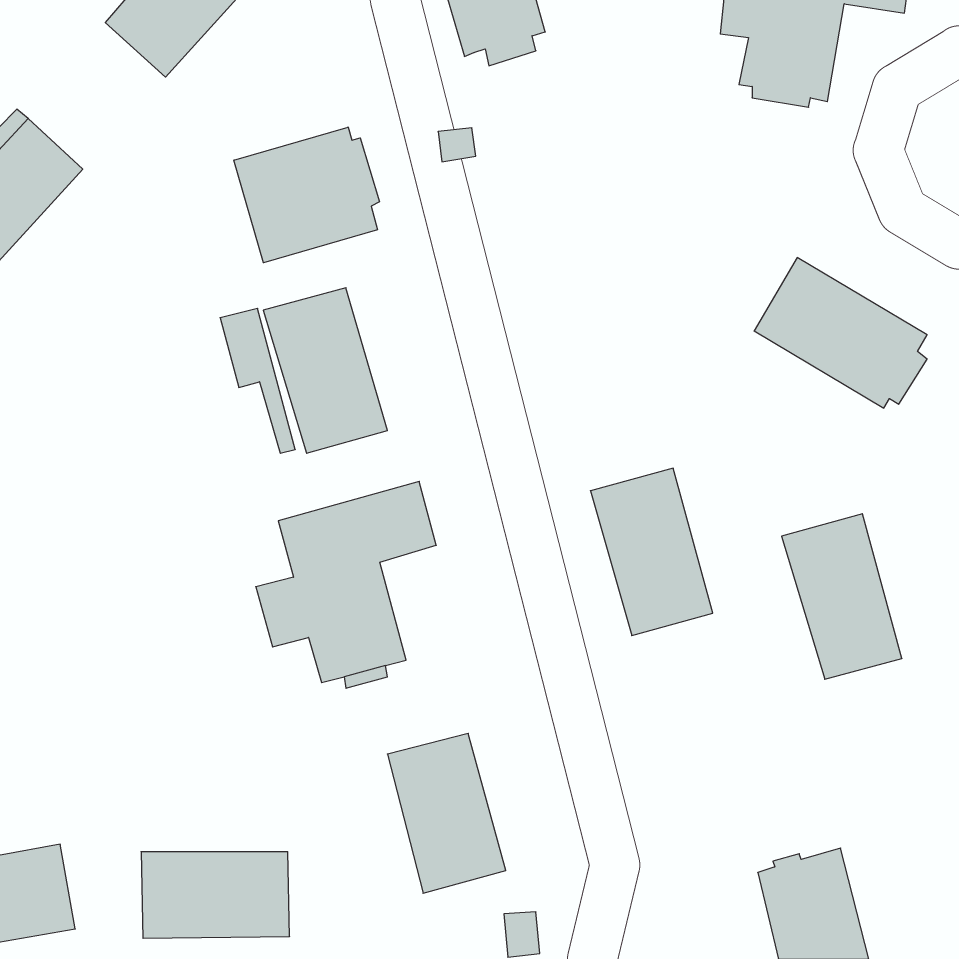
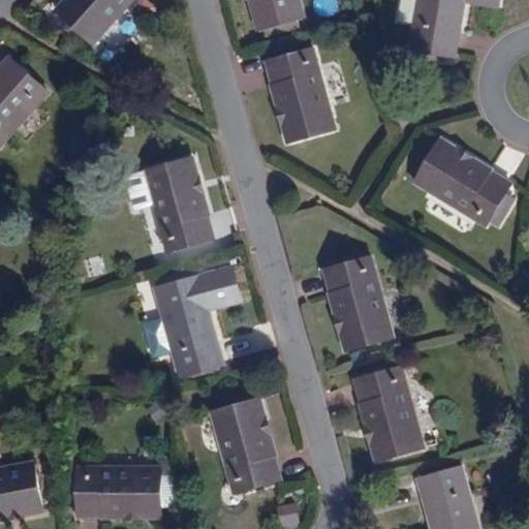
building: none -> [267,51,334,142]
building: [234,127,380,263] -> none
building: [782,514,902,679] -> [355,368,422,459]

